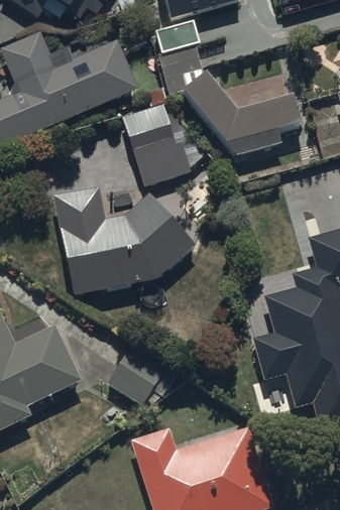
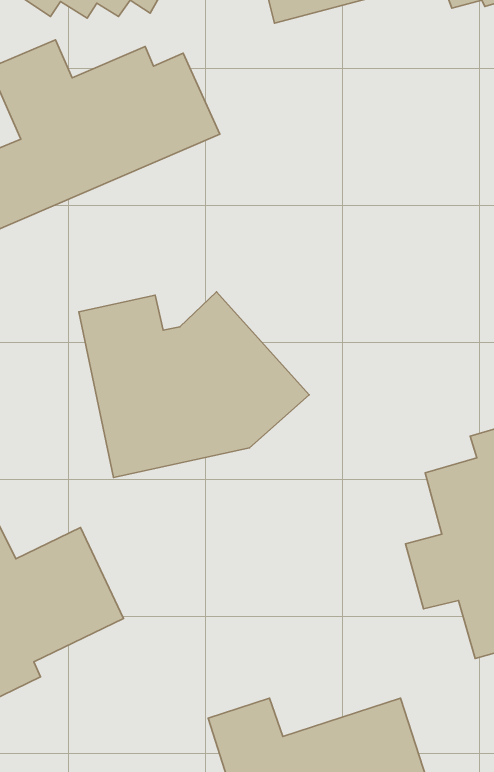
building: [153,27,302,161] -> none
building: [121,103,218,184] -> none
building: [108,349,164,405] -> none

